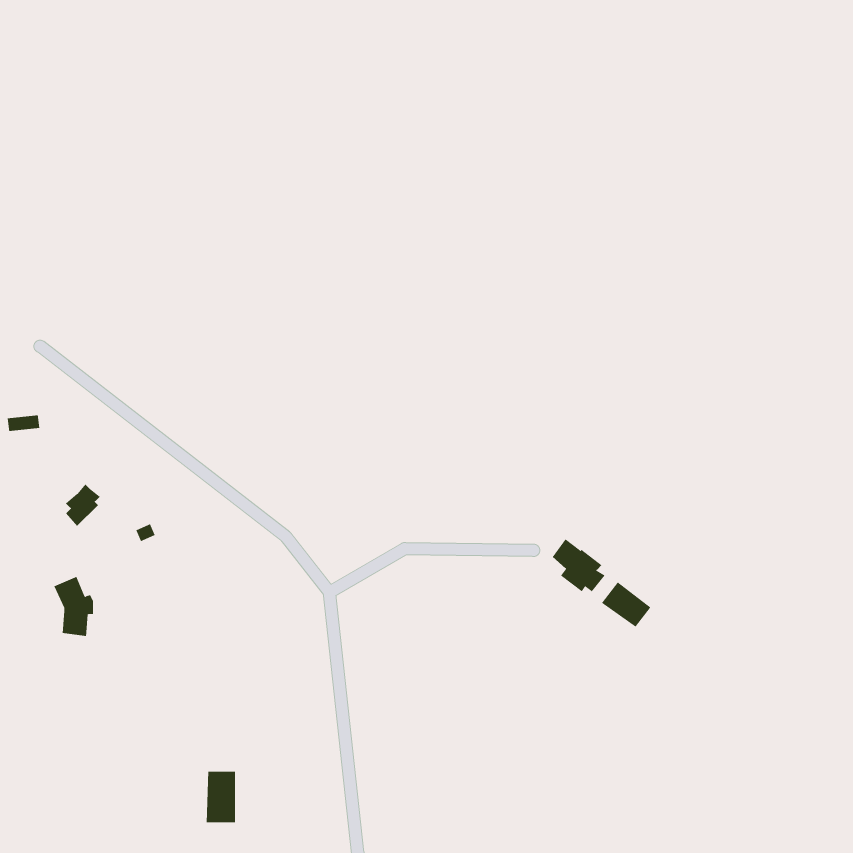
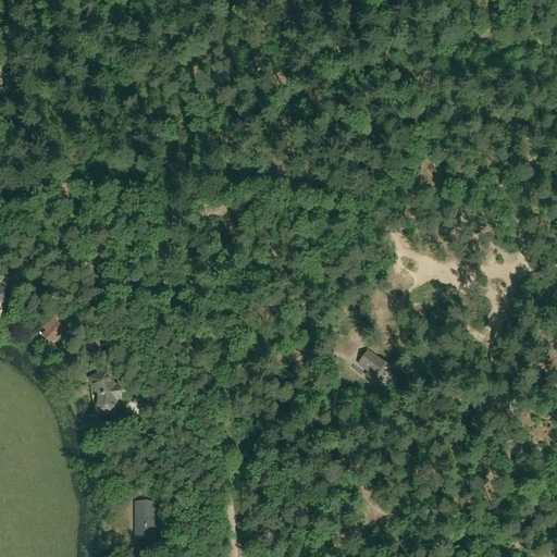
building: [54,576,94,636] -> [91,373,117,412]
building: [601,582,651,628] -> none

